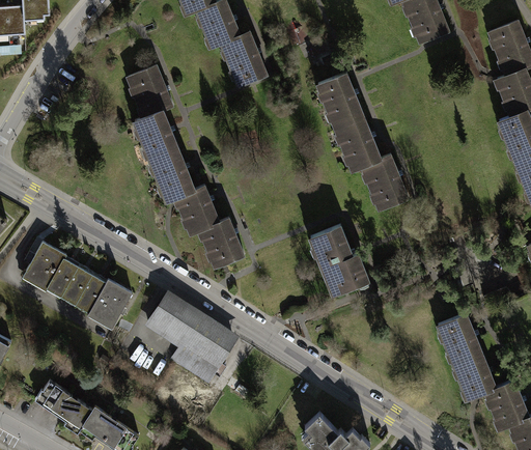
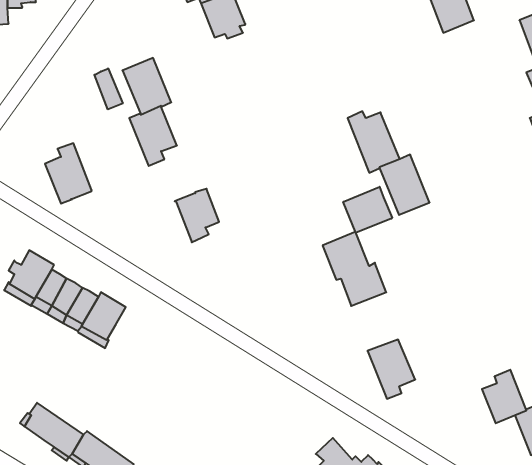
building: [223,31,267,86] -> none
building: [317,73,363,121] -> none
building: none -> [94,68,123,109]
building: [151,146,194,201] -> [45,143,92,204]
building: none -> [343,187,392,233]
building: [200,216,244,268] -> none
building: [147,297,233,382] -> none
building: [438,314,481,368] -> [367,340,415,399]

